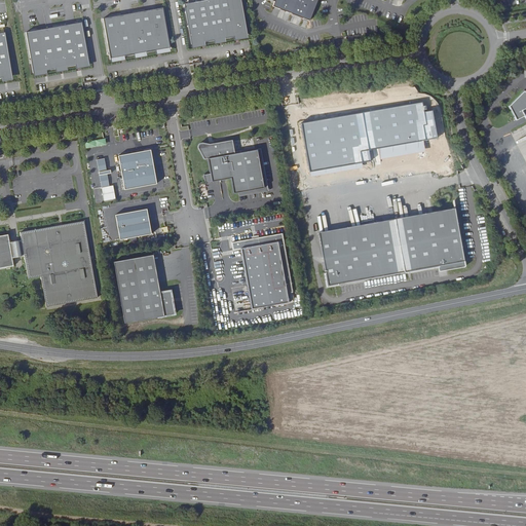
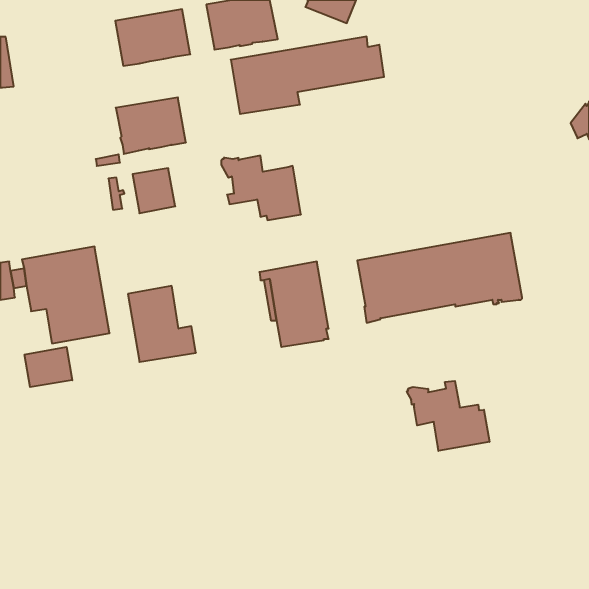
building: [26,23,88,73] -> [116,97,186,154]
building: [300,103,437,172] -> [231,37,384,114]
building: [114,209,150,239] -> none
building: none -> [25,347,72,387]
building: none -> [407,381,489,451]

